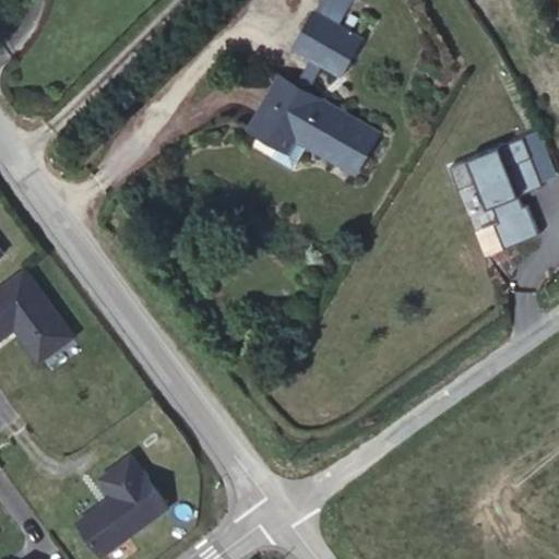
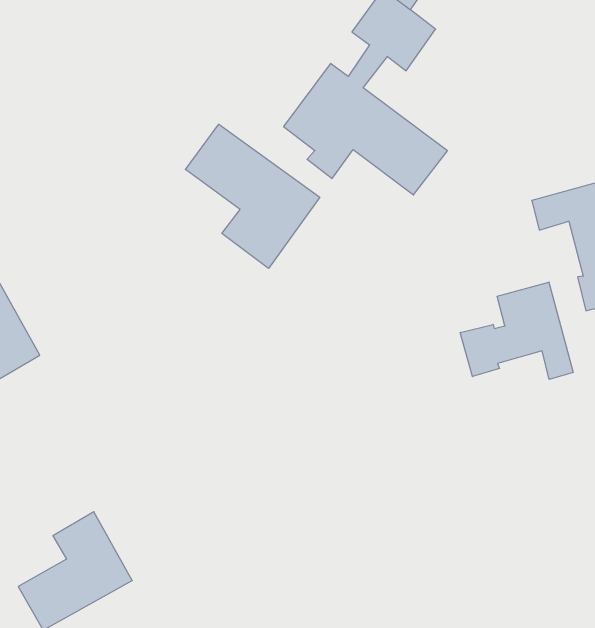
building: none -> [185,124,320,268]
building: none -> [460,282,573,379]

